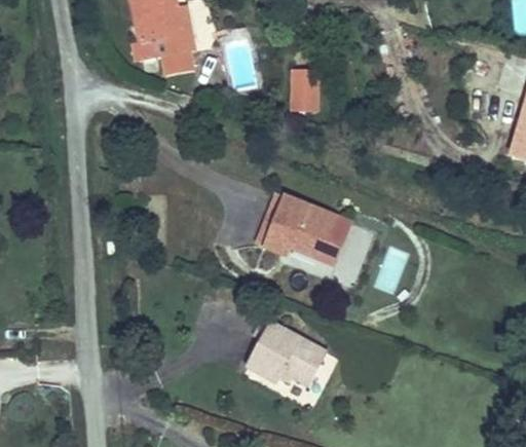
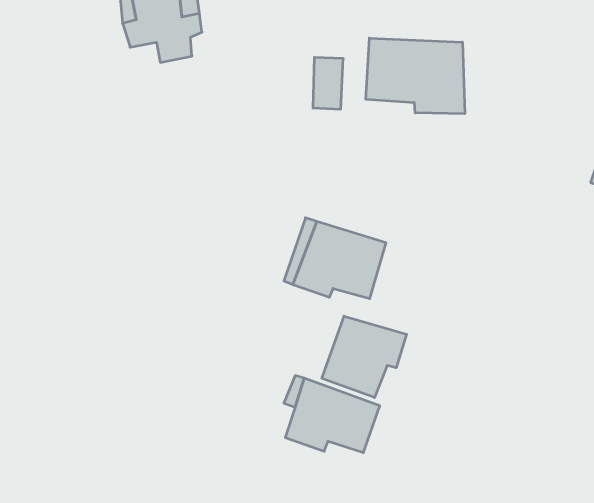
building: none -> [366,38,465,114]
building: none -> [322,316,407,398]

